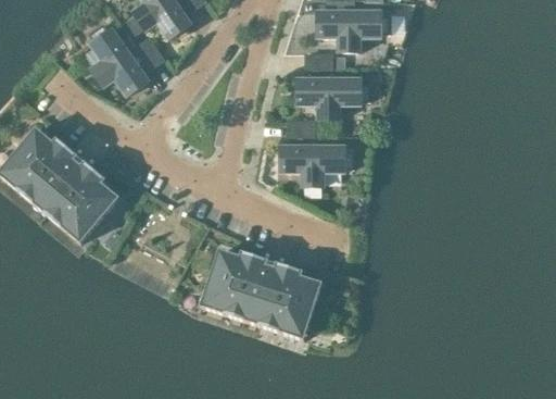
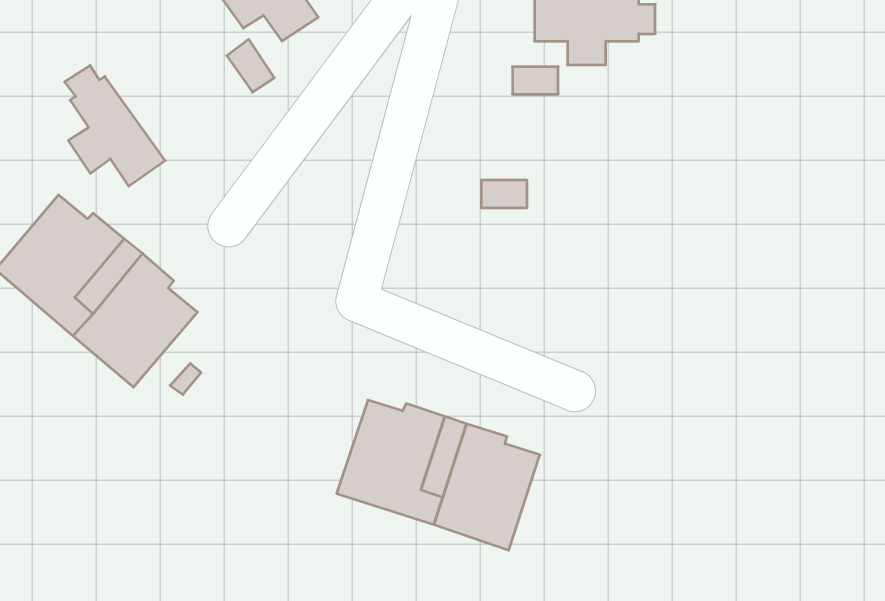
building: [88,23,148,95] -> [65,65,165,186]
building: [298,78,370,119] -> none
building: [281,146,354,186] -> none

